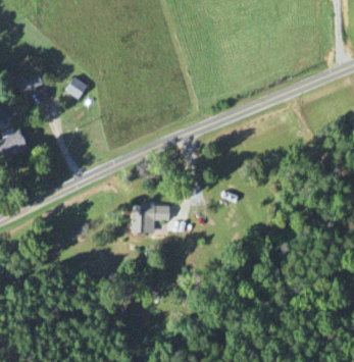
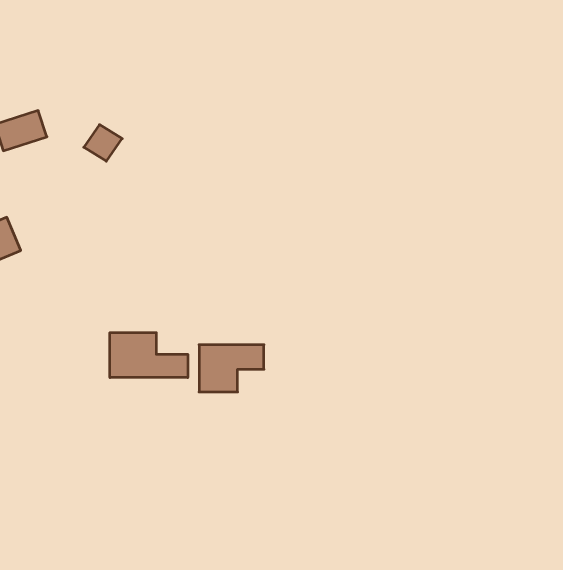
building: none -> [110,333,188,378]

